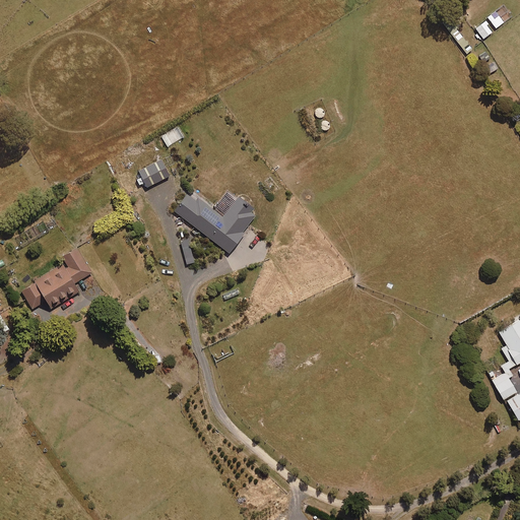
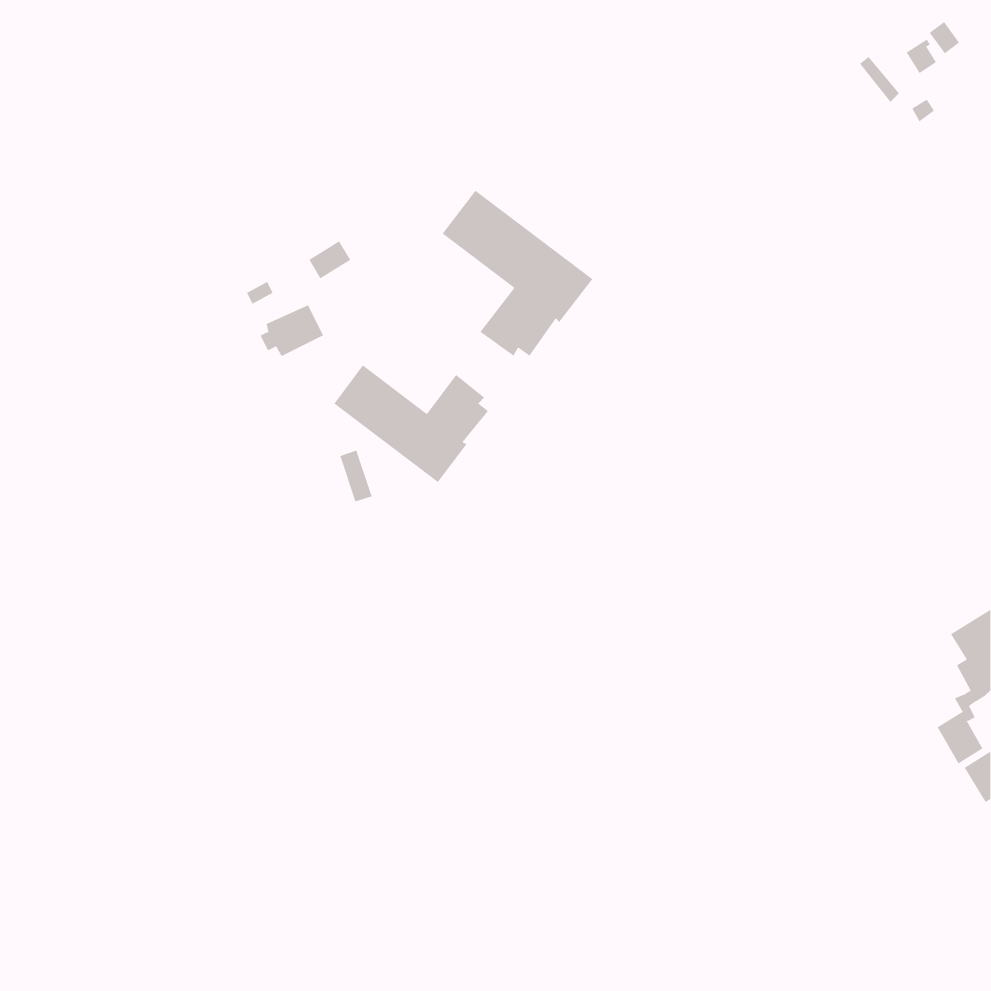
building: none -> [442,190,593,357]
building: [21,247,92,308] -> none

